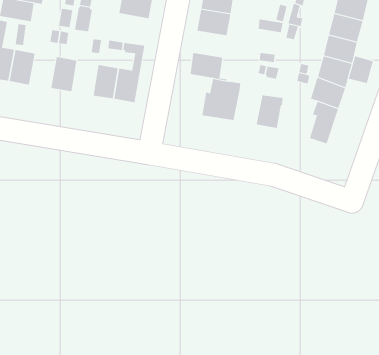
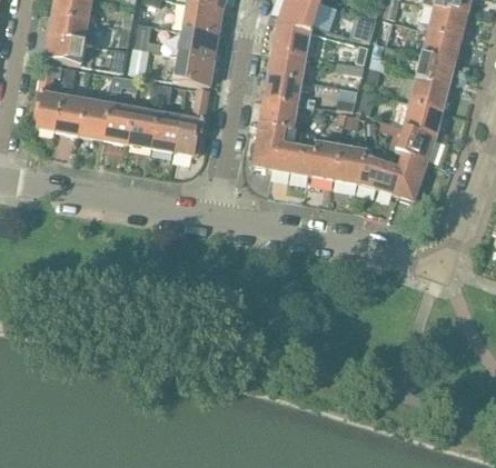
building: none -> [173,53,214,86]
building: none -> [262,73,301,103]
building: none -> [79,99,109,138]
building: [348,55,374,84] -> none
building: none -> [127,107,156,147]
building: none -> [251,122,285,169]
building: none -> [309,141,340,179]
building: none -> [358,158,401,195]

